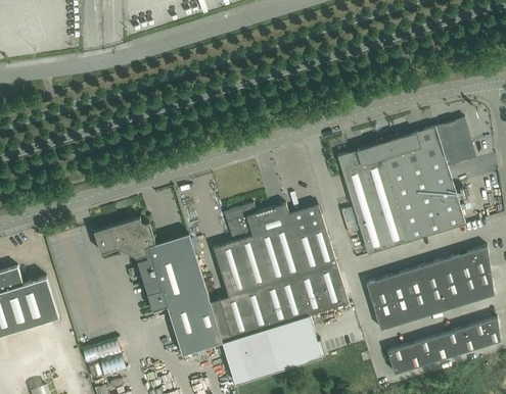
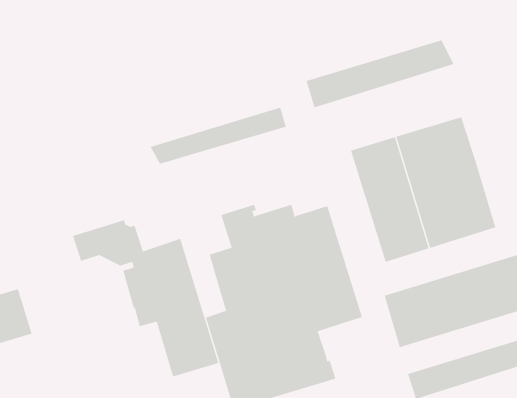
building: none -> [306,40,454,108]
building: [435,118,475,166] -> none
building: none -> [150,107,286,164]

